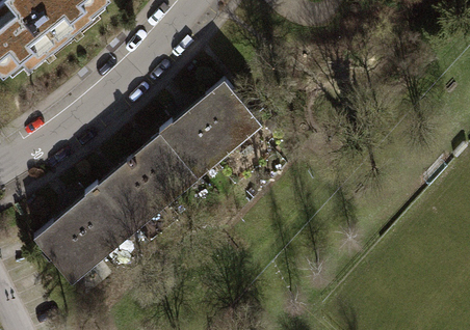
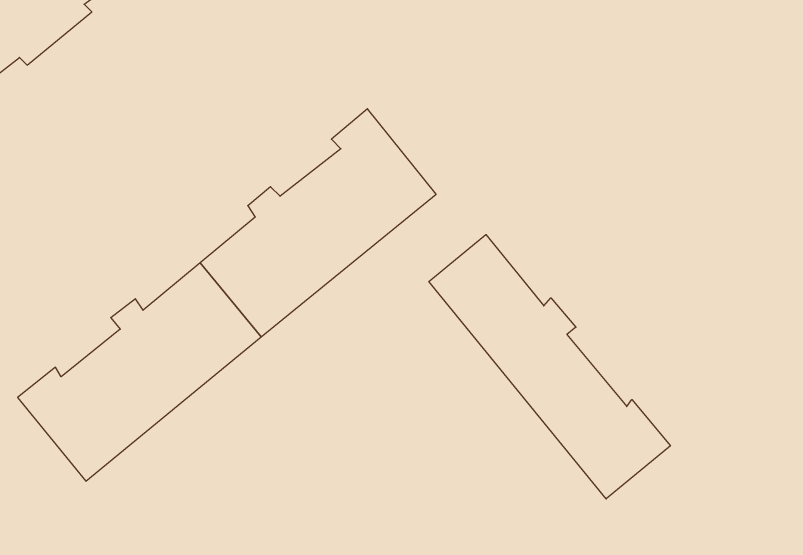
building: none -> [429,235,670,499]

